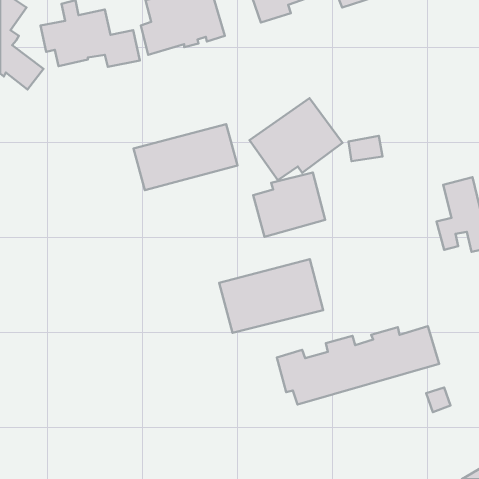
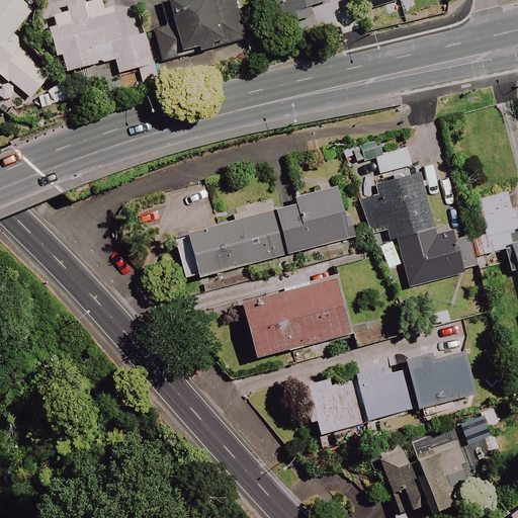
building: [249,98,342,180] -> none
building: [134,124,238,190] -> [176,209,287,280]
building: none -> [358,172,474,286]
building: none -> [380,440,468,510]

